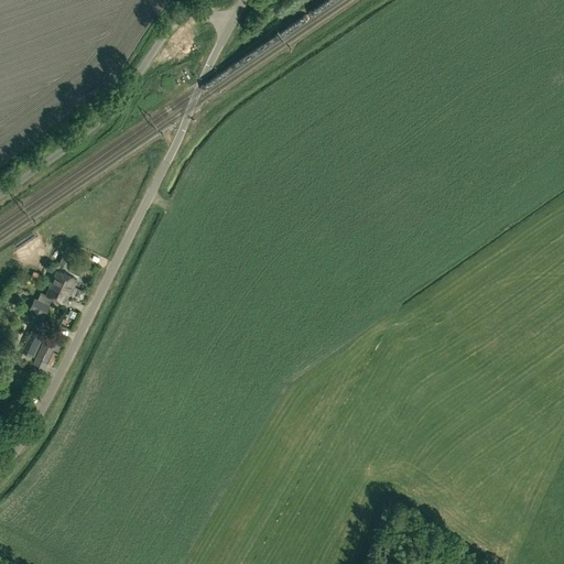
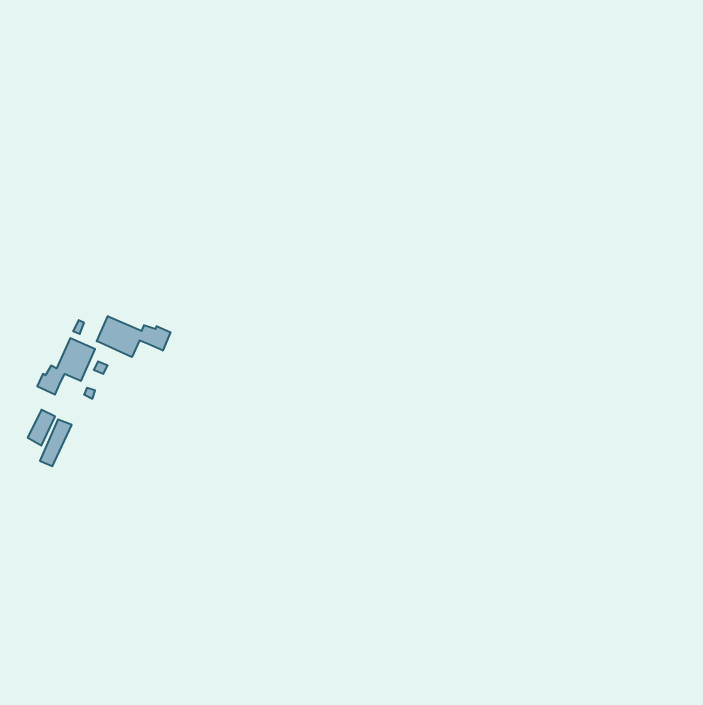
building: none -> [97,316,171,357]

